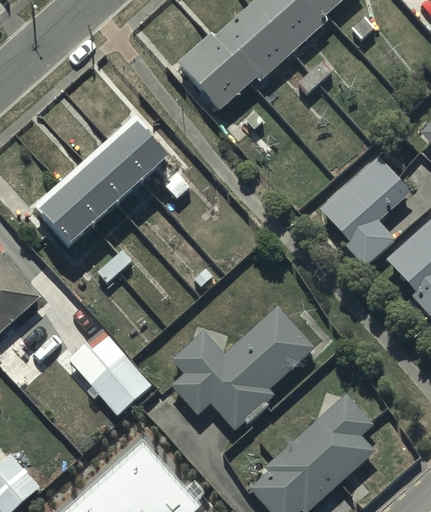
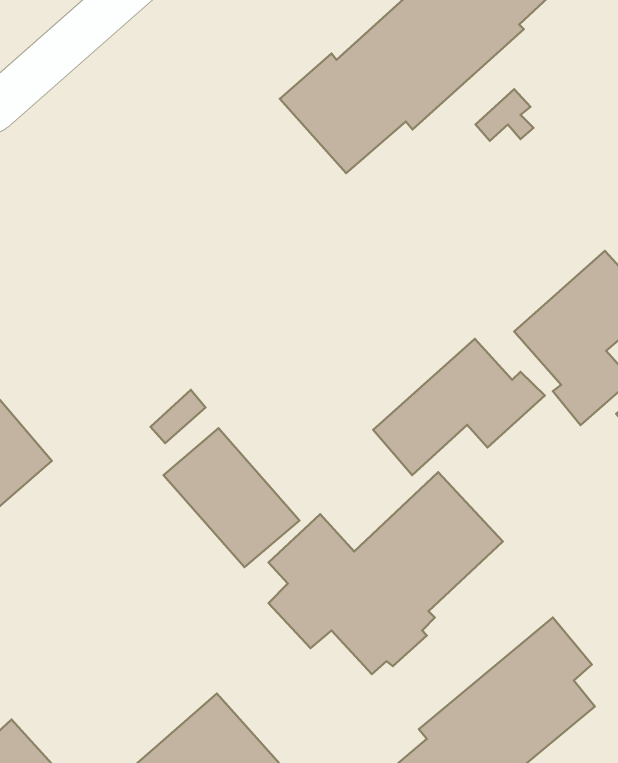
building: [35,108,174,244] -> none
building: none -> [373,339,545,475]
building: [70,332,154,418] -> [164,428,299,567]

